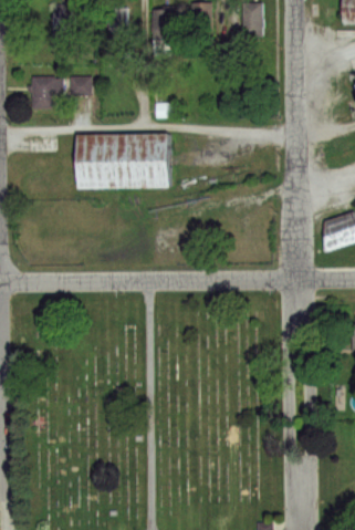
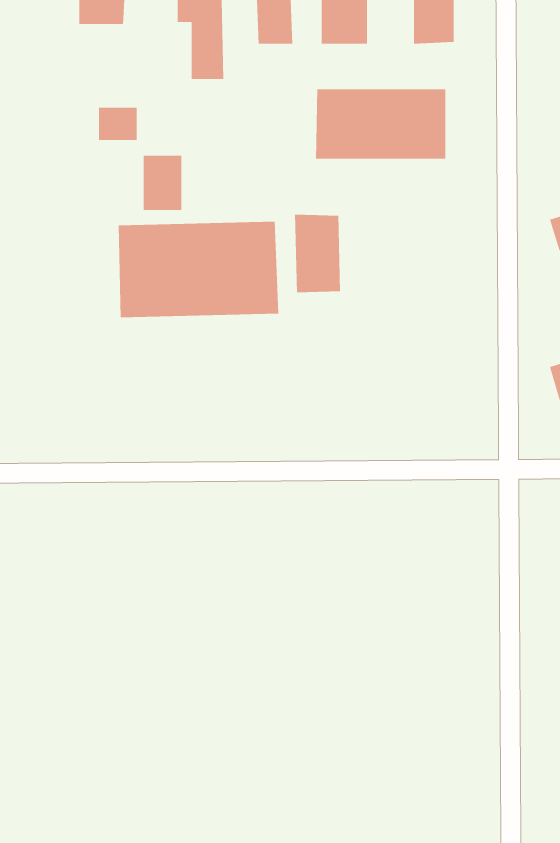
building: none -> [316,88,446,160]
building: [33,76,55,107] -> [143,155,182,210]
building: none -> [294,214,341,293]

